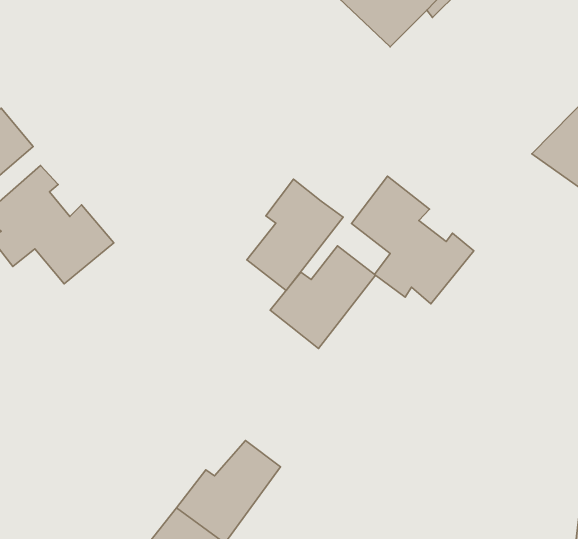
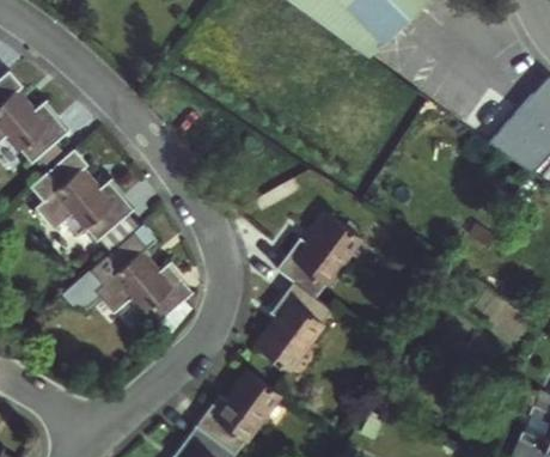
building: [351,176,474,304] -> none
building: [247,179,343,291] -> [248,280,326,371]
building: none -> [65,238,196,331]

